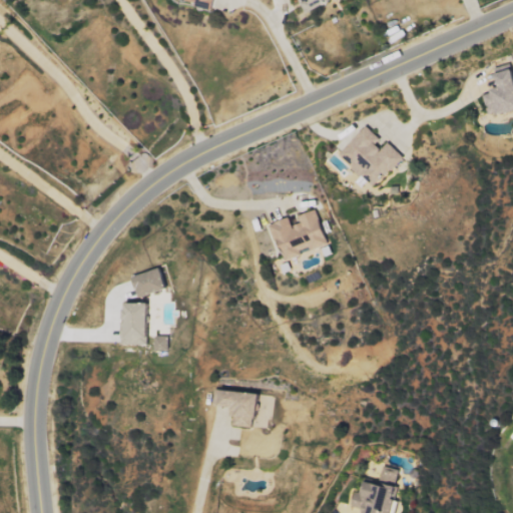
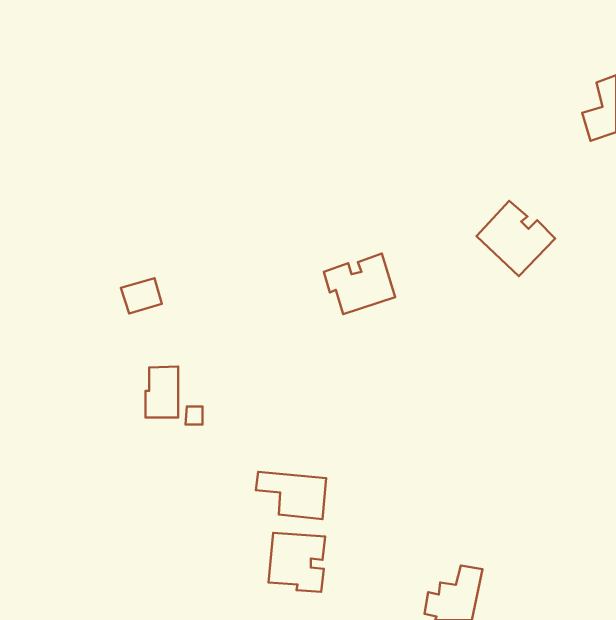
building: [337,126,402,188] -> [476,201,555,276]
building: [130,269,164,298] -> [121,278,162,313]
building: none -> [269,533,325,592]

